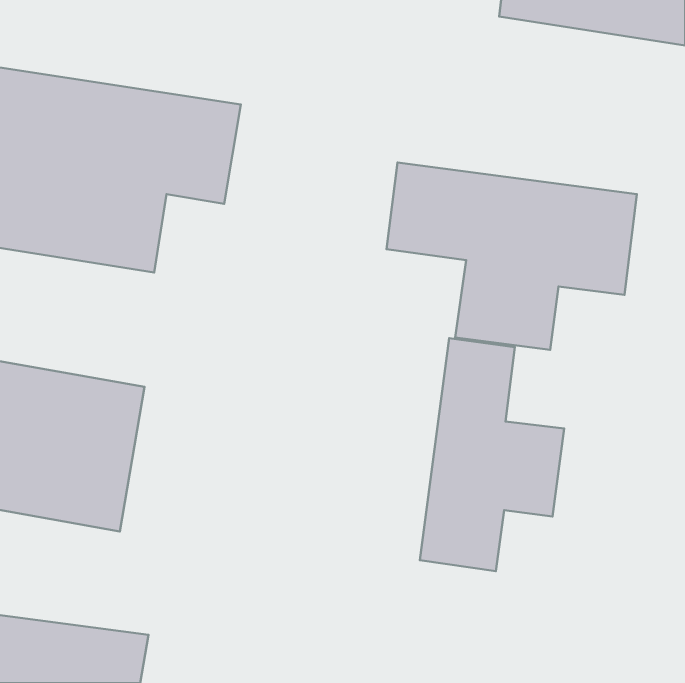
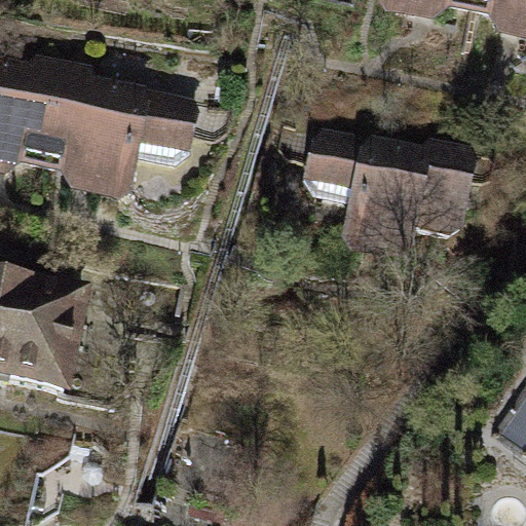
building: [420,338,564,571] -> none

